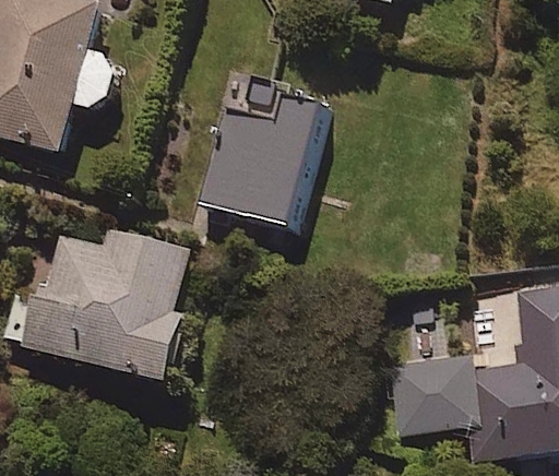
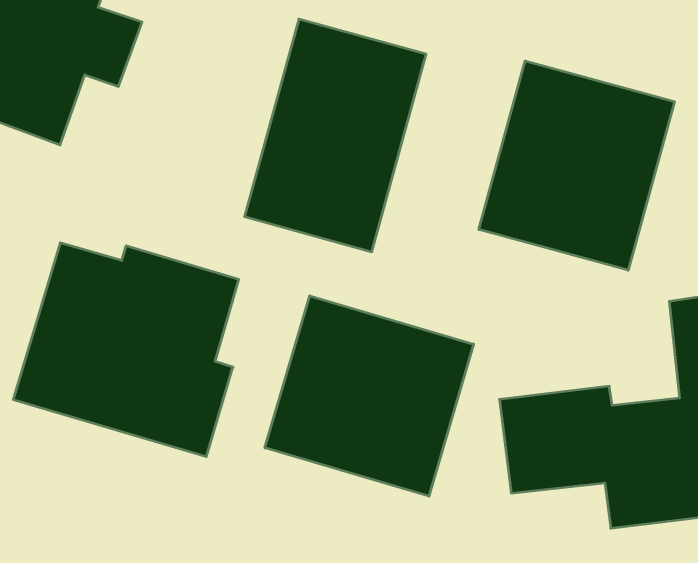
building: none -> [479,61,674,270]
building: none -> [265,296,474,496]

